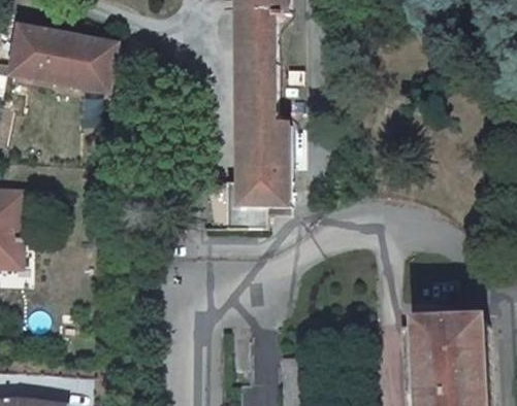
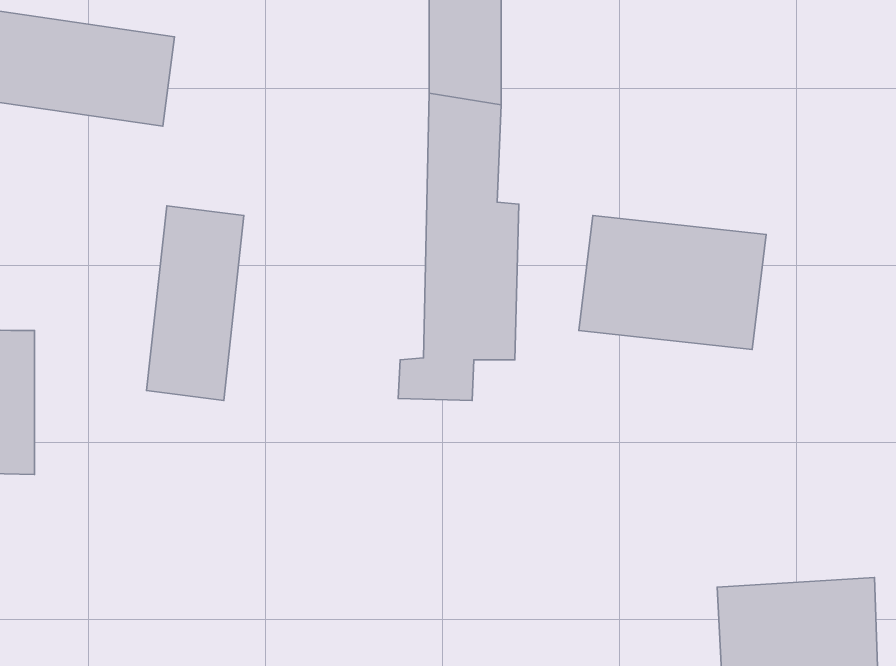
building: none -> [147,206,244,400]
building: none -> [579,216,766,350]

